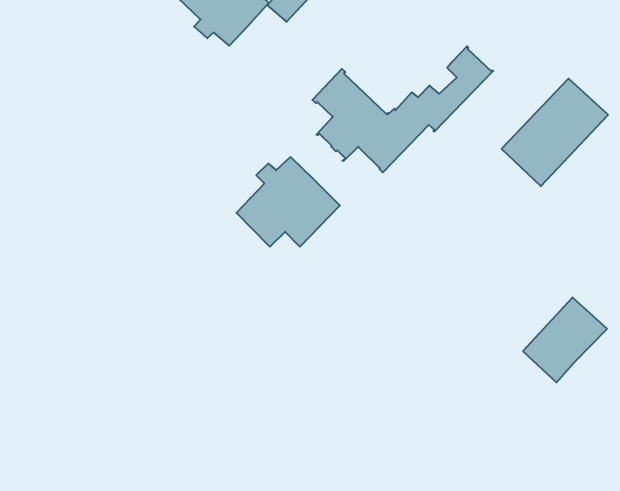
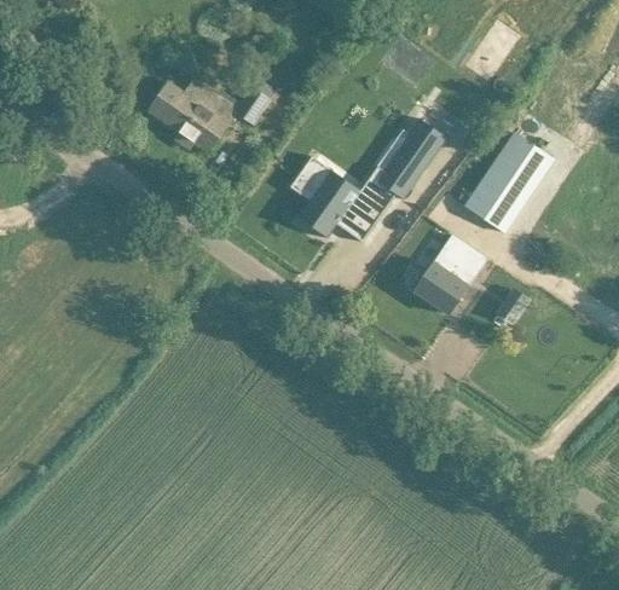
building: [236,157,340,247] -> none
building: [523,297,607,382] -> [415,236,486,313]

